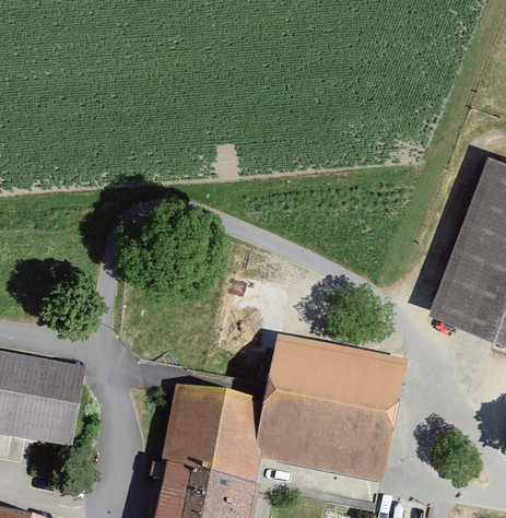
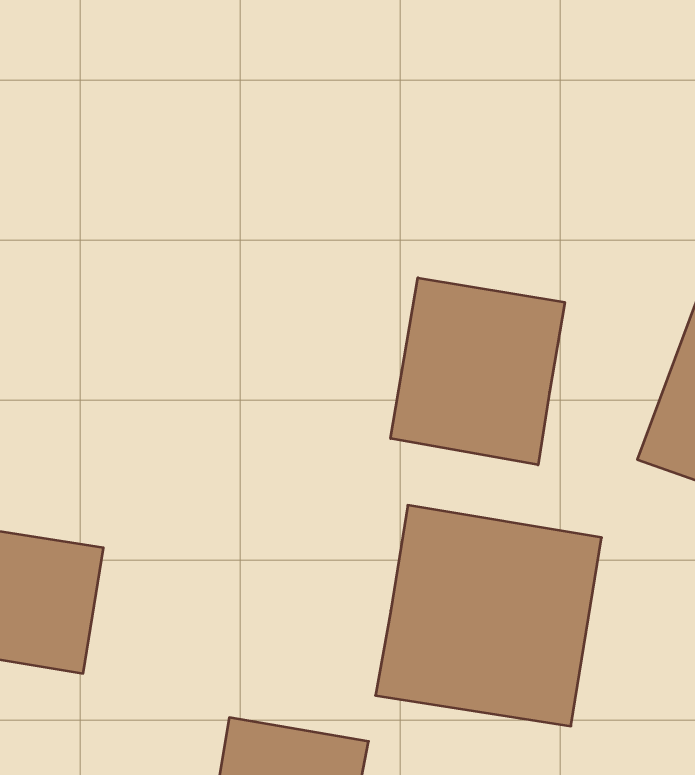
building: none -> [391,278,565,465]
building: [167,391,271,490] -> none

